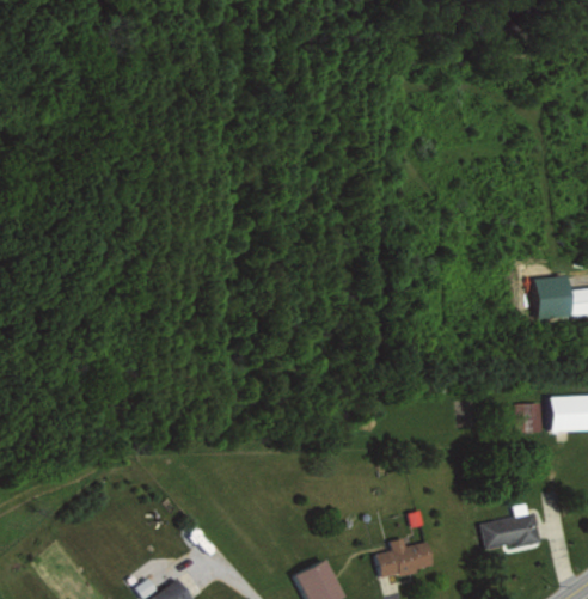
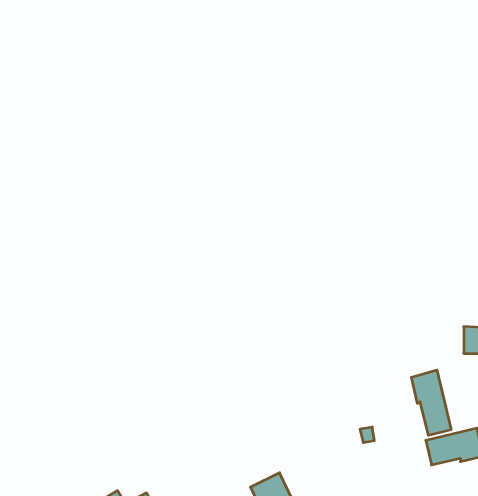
building: none -> [411,370,451,435]
building: [374,537,435,579] -> none

